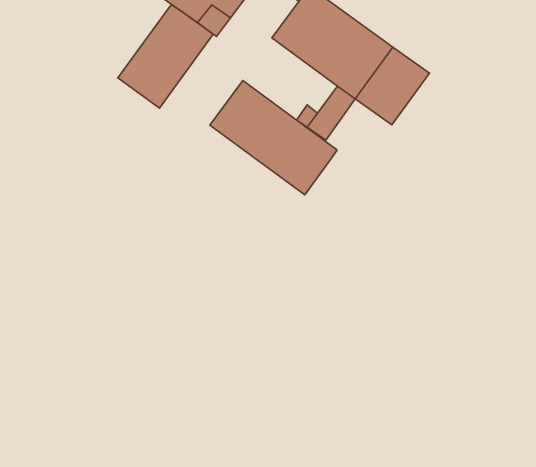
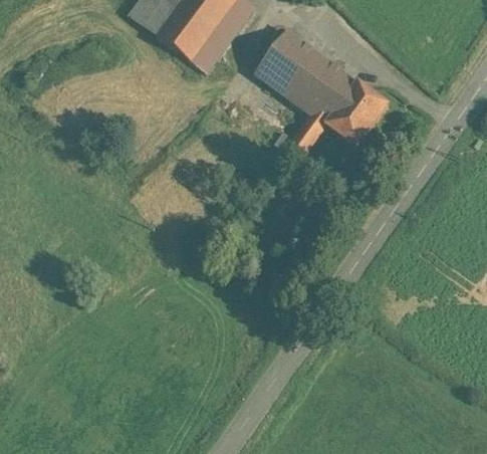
building: [118,5,213,108] -> none
building: [210,81,337,195] -> none

